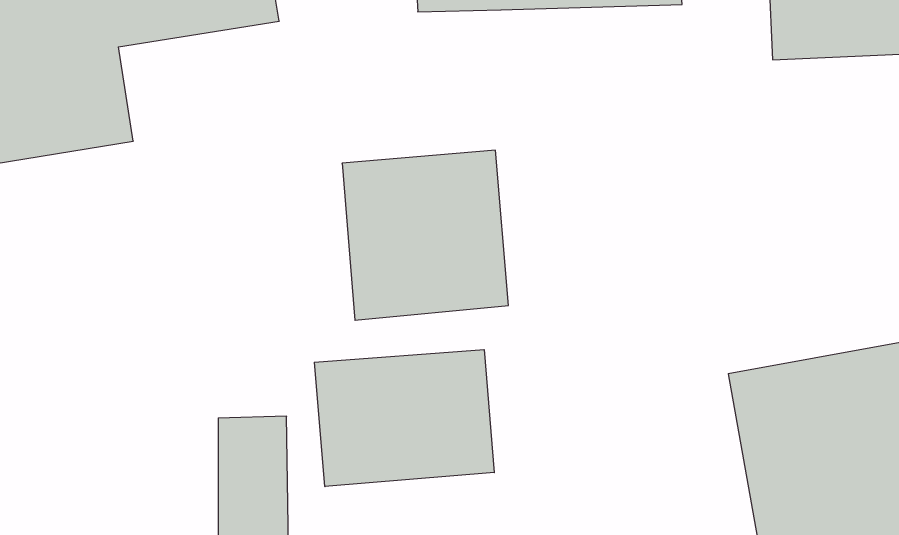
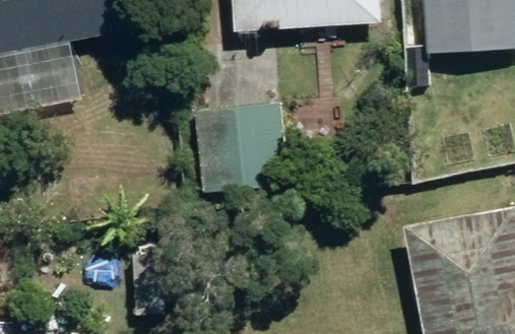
building: [314,350,494,487] -> none

